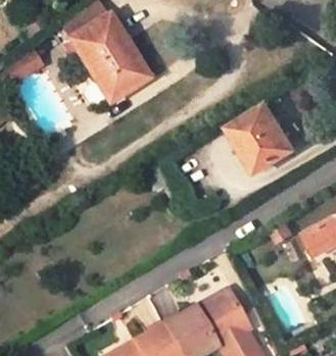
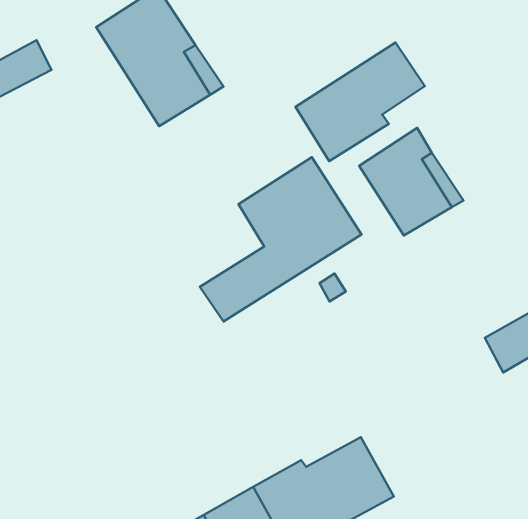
building: none -> [295,43,425,161]
building: none -> [200,157,362,322]

